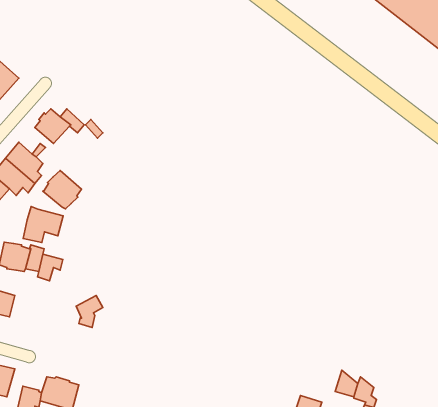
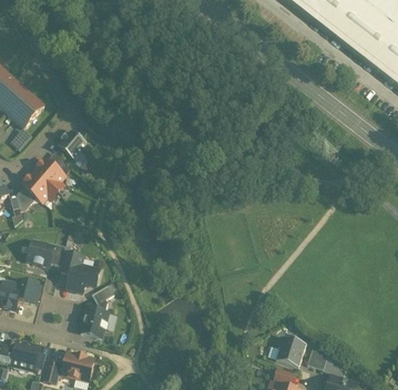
building: [43,171,82,209] -> none
building: [23,206,63,242] -> [65,261,99,291]
building: none -> [80,307,106,337]
building: none -> [275,335,305,367]

